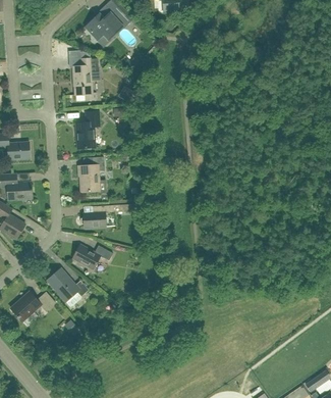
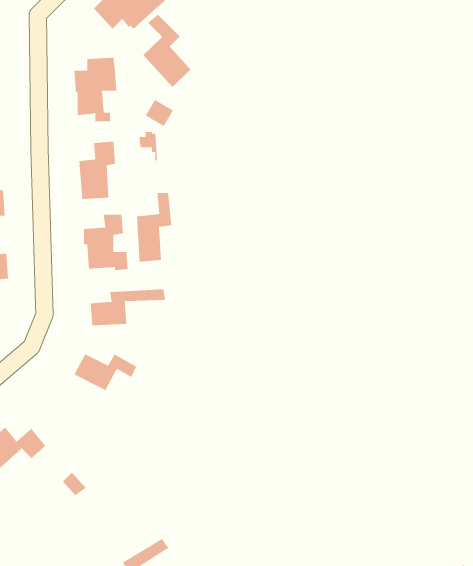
building: none -> [143,14,191,88]
building: none -> [136,192,172,263]
building: [47,267,89,306] -> none

